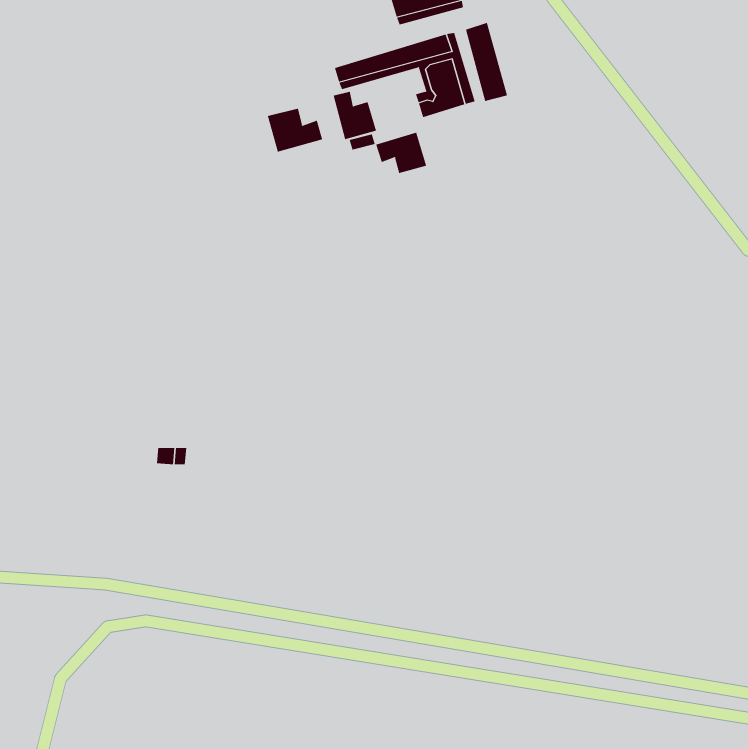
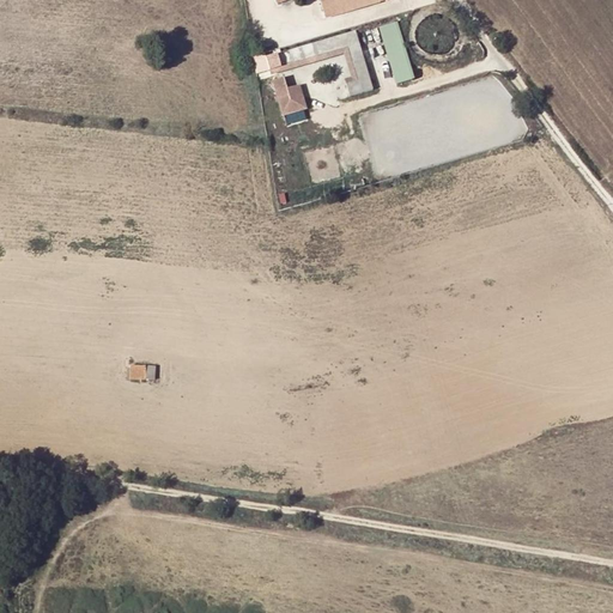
building: [267,108,323,153] -> none
building: [375,132,427,174] -> none

